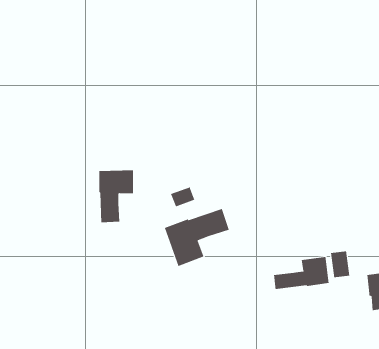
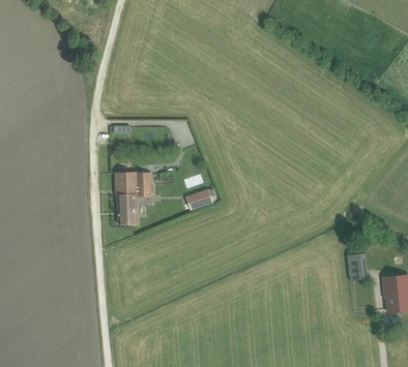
building: [164,208,229,267] -> none
building: [274,256,329,290] -> none

